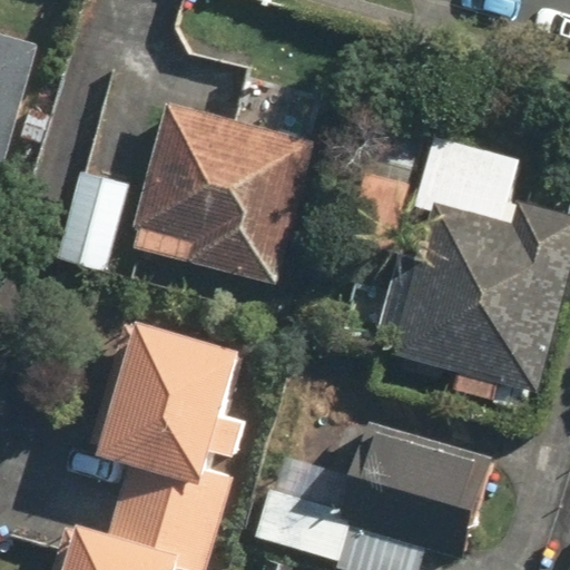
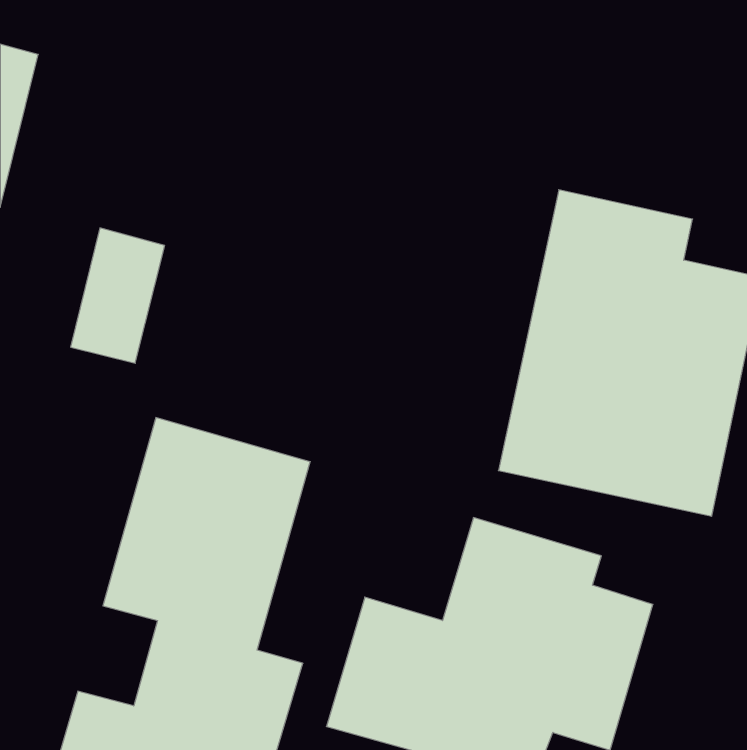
building: [128,98,313,288] -> none

